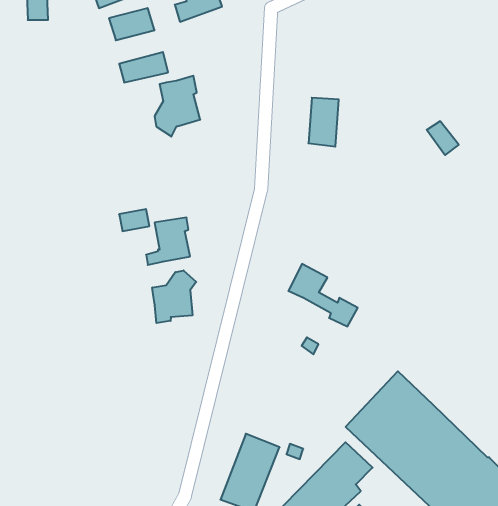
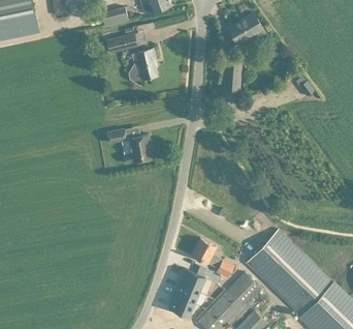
building: none -> [228,12,266,42]
building: [288,264,358,326] -> [192,238,234,276]
building: [152,270,196,323] -> none

